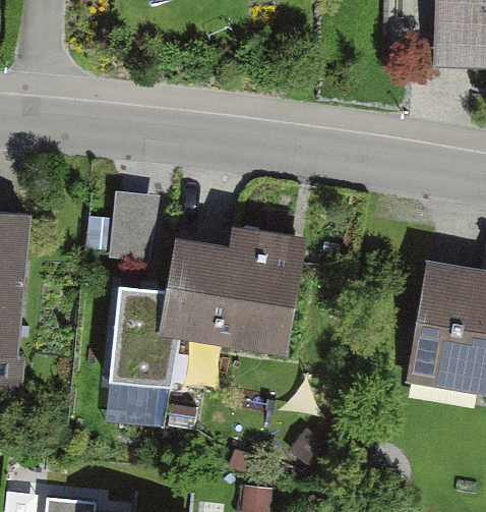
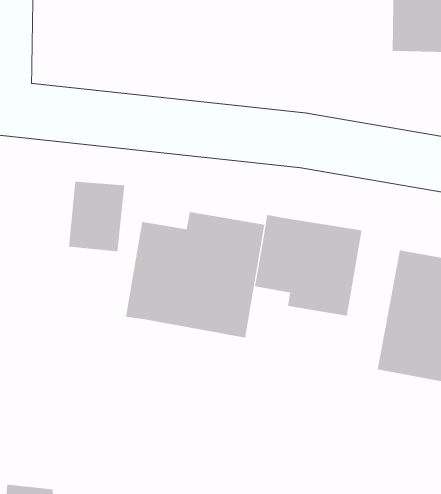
building: none -> [255,214,362,316]
building: [109,289,184,393] -> none

